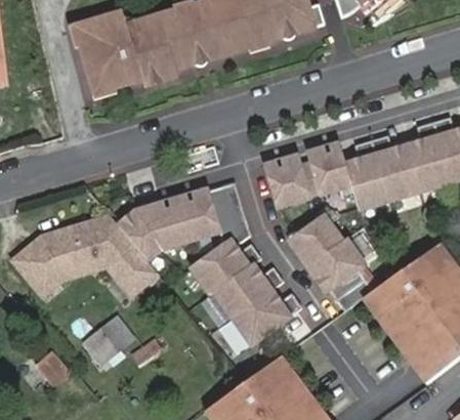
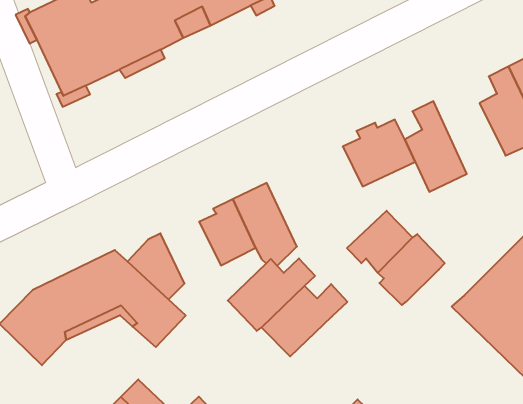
building: [374,135,422,199] -> none
building: [269,157,309,205] -> none
building: [150,202,192,248] -> none
building: [329,268,374,311] -> none
building: [234,291,302,343] -> none

